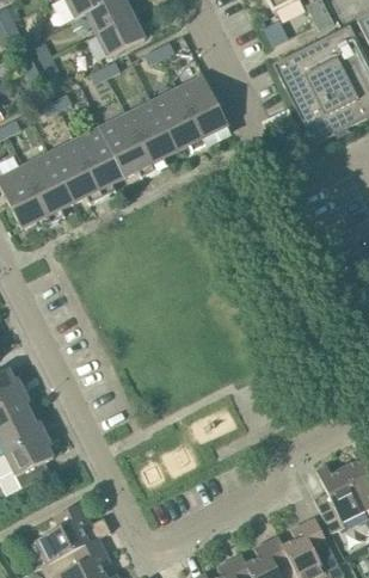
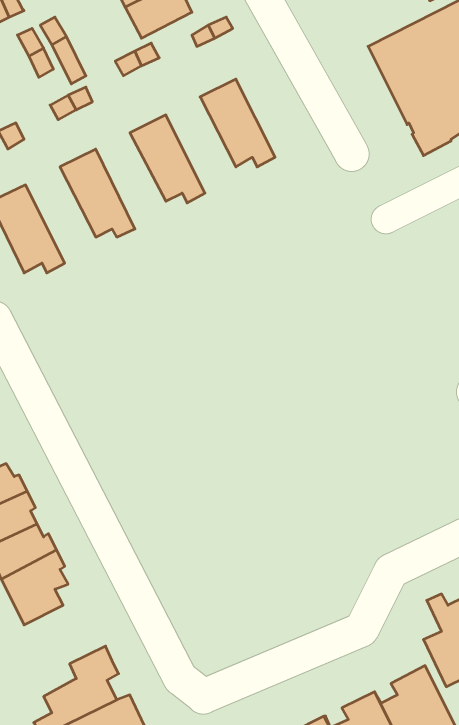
building: [177,73,228,143] -> none
building: [125,99,177,170] -> none
building: [74,125,125,196] -> none
building: [23,150,74,221] -> none

